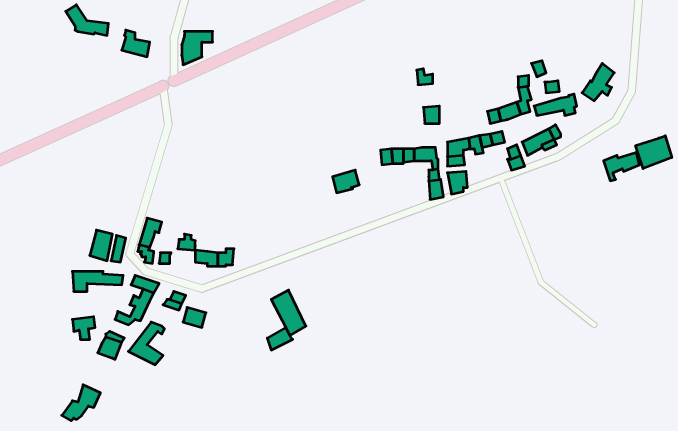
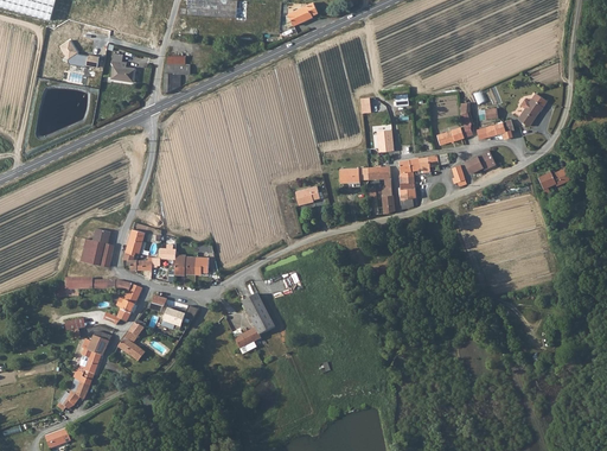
building: [636,136,672,169] -> none
building: none -> [74,338,101,385]

